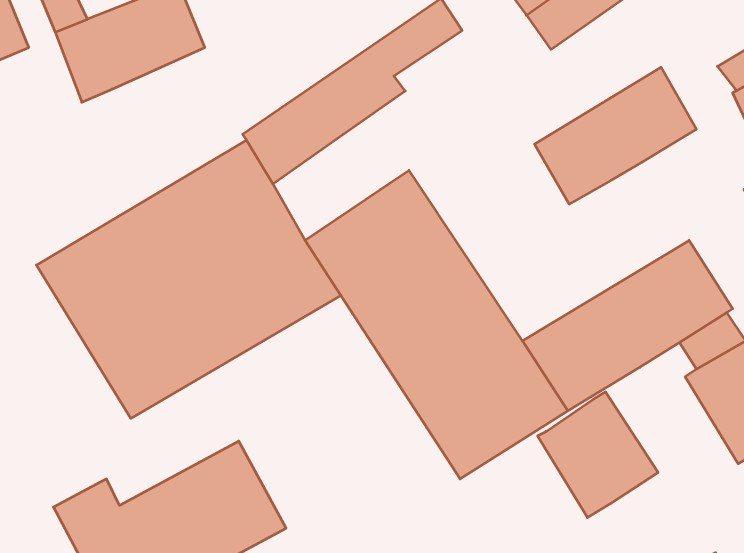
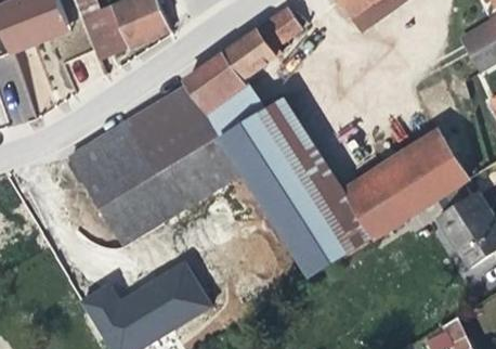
building: [535,67,696,204] -> none
building: none -> [204,80,265,141]
building: [538,392,658,518] -> none

